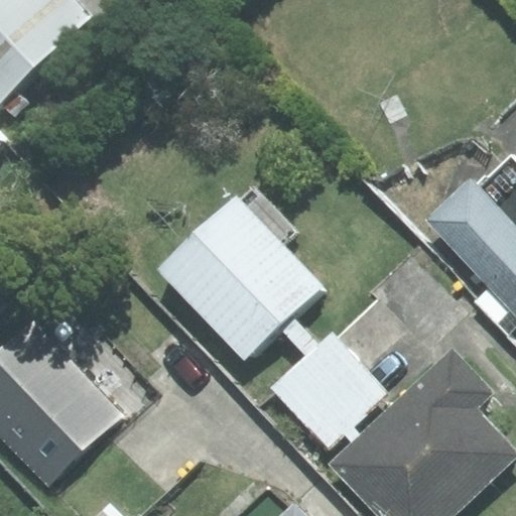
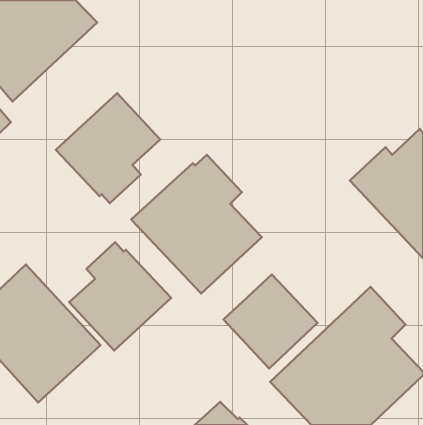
building: none -> [56,93,160,203]
building: none -> [69,242,171,350]

